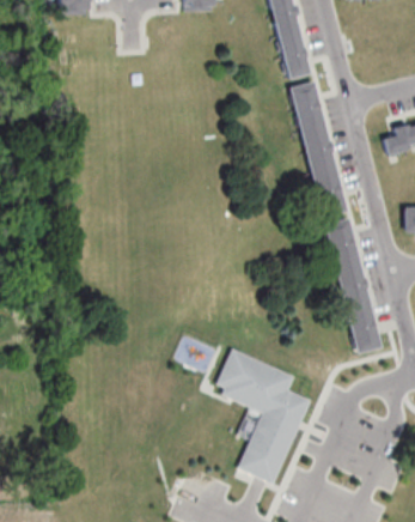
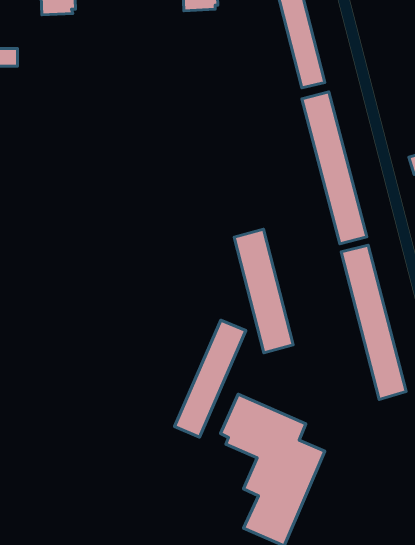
building: none -> [234,229,293,353]
building: none -> [175,320,246,437]

